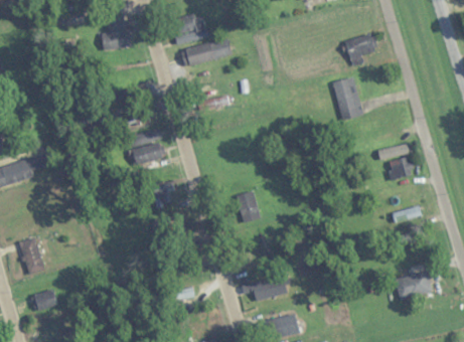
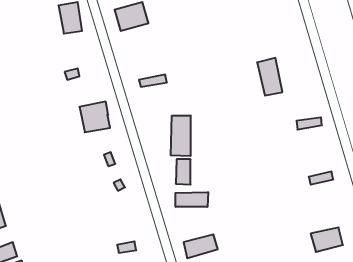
building: [345,34,375,65] -> none
building: [181,38,231,66] -> none
building: none -> [171,115,191,156]
building: [389,159,412,177] -> none
building: none -> [175,192,208,207]

